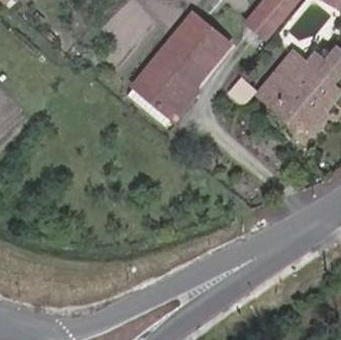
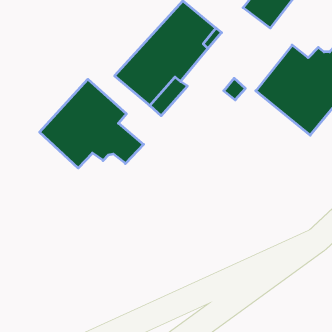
building: none -> [40,79,144,168]

